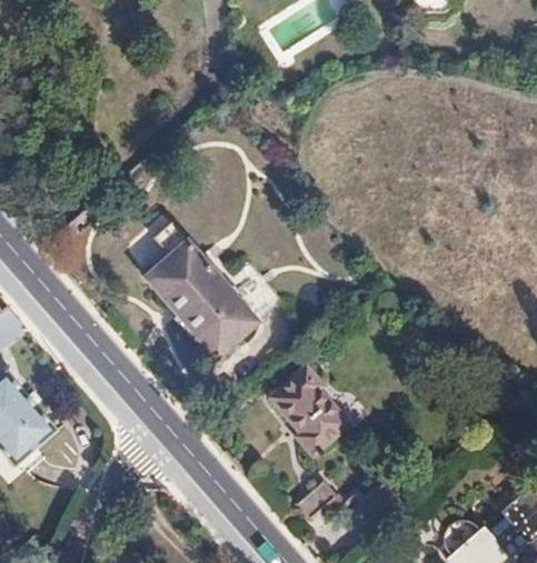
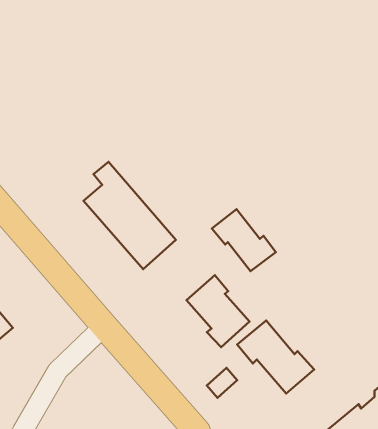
building: none -> [212,209,276,271]
building: none -> [237,321,314,393]

